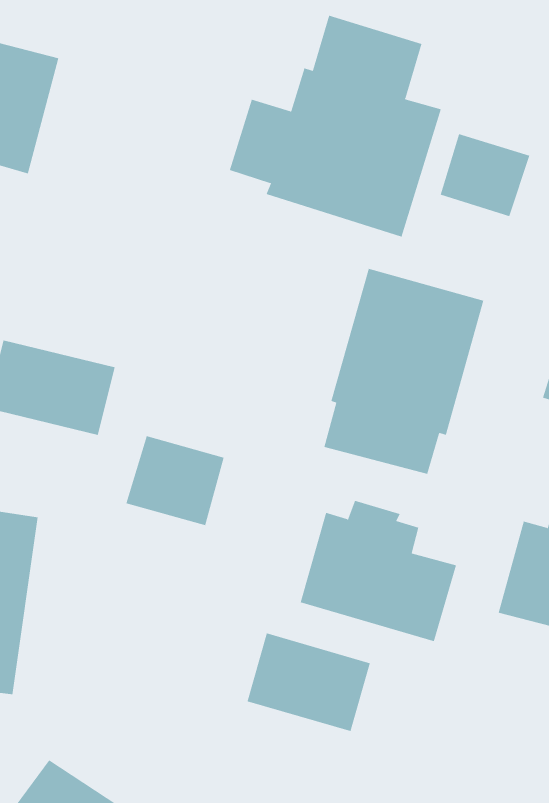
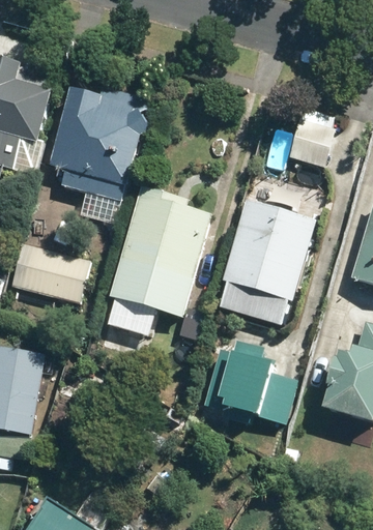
building: [229,15,442,237] -> none
building: none -> [49,88,149,201]
building: none -> [110,187,210,317]
building: [247,633,370,732] -> none

